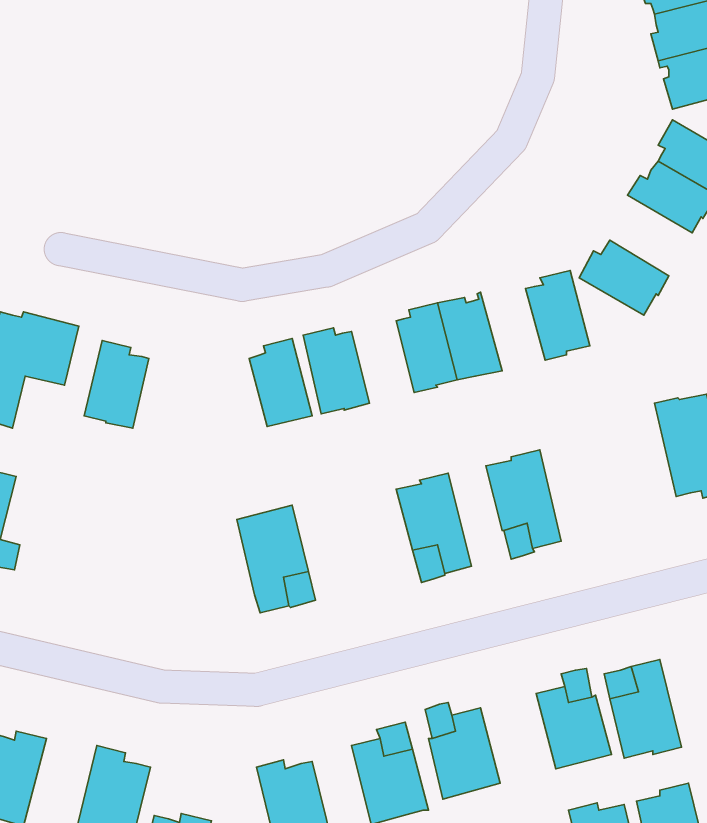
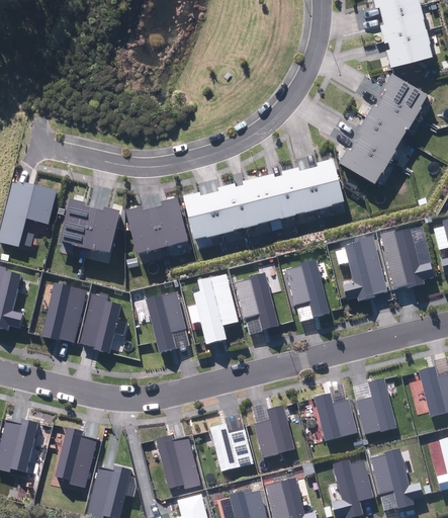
building: none -> [356,116,402,162]
building: none -> [283,167,320,215]
building: none -> [210,183,246,234]
building: none -> [87,206,120,253]
building: none -> [125,206,163,253]
building: none -> [343,236,387,301]
building: none -> [193,274,239,344]
building: none -> [41,282,86,342]
building: none -> [80,292,121,353]

